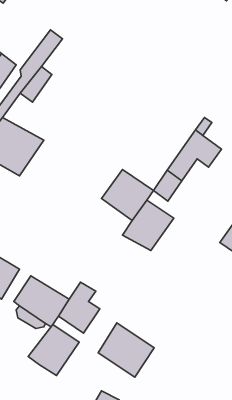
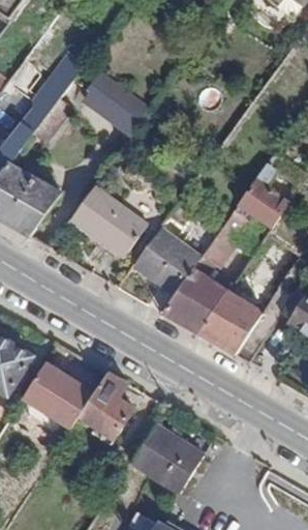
building: none -> [83,68,152,137]
building: none -> [69,187,145,257]
building: none -> [198,290,283,360]
building: [28,325,79,376] -> none

